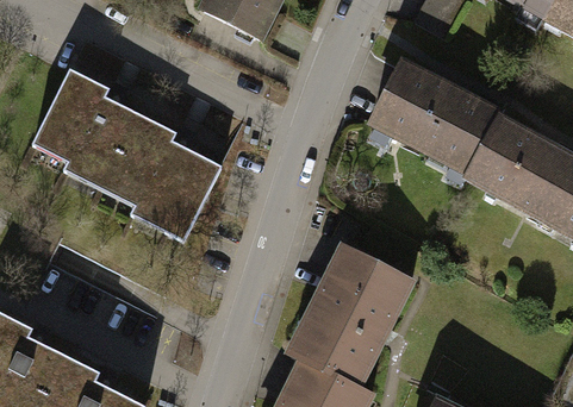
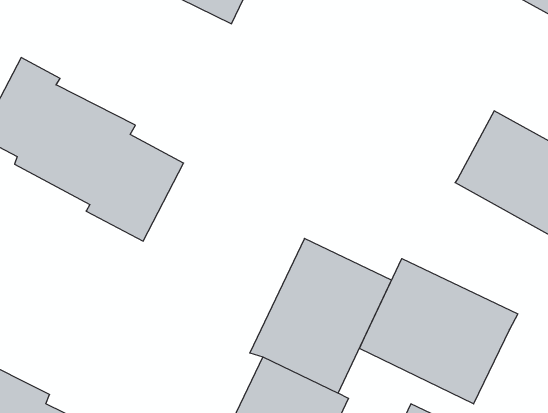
building: [370,61,511,183] -> none
building: none -> [359,259,518,404]

